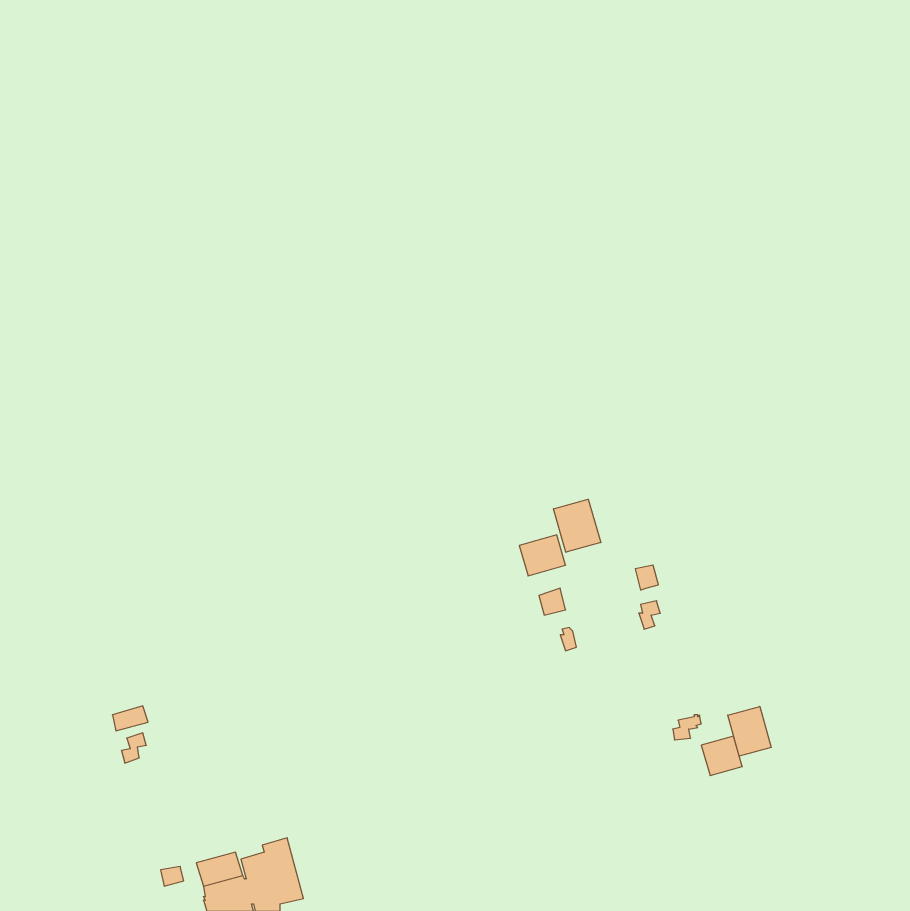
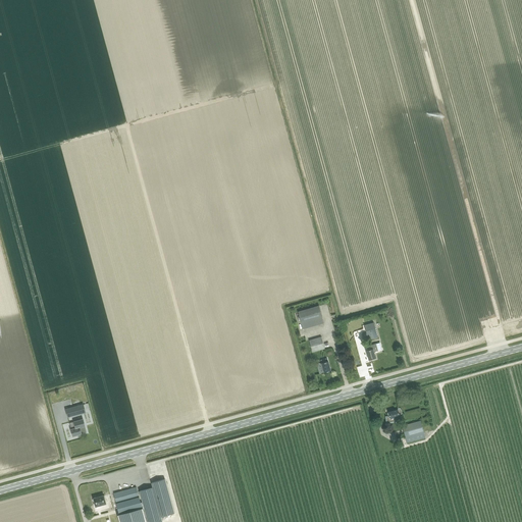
building: [553,499,601,552] -> none
building: [728,706,771,756] -> none

